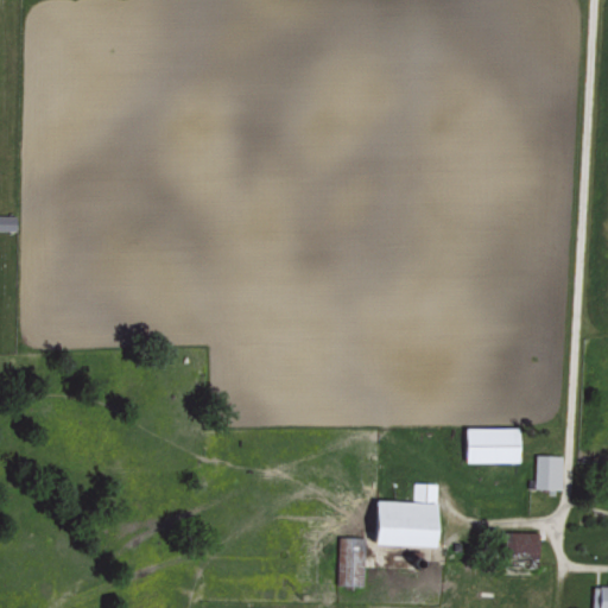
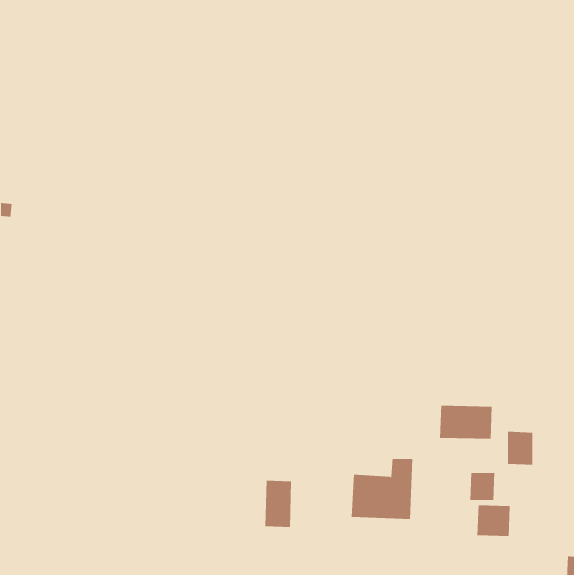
building: none -> [470,472,495,501]
building: [338,538,367,588] -> [265,480,292,528]

